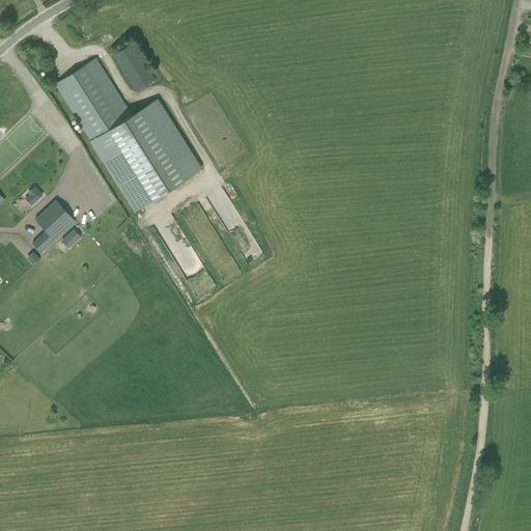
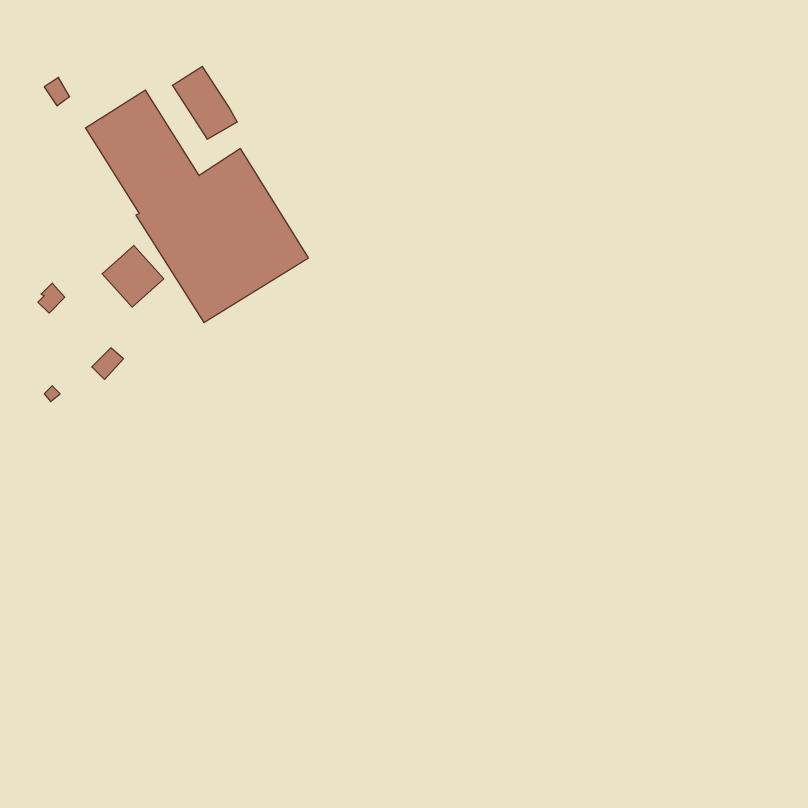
building: [35,199,76,240] -> [102,245,164,307]

